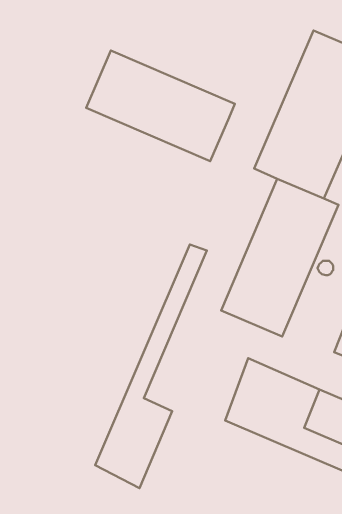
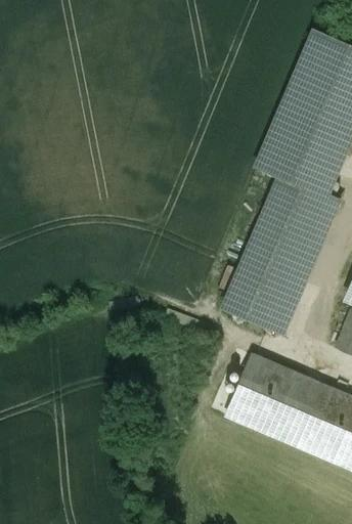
building: [86,51,235,161] -> none
building: [95,244,207,488] -> none

